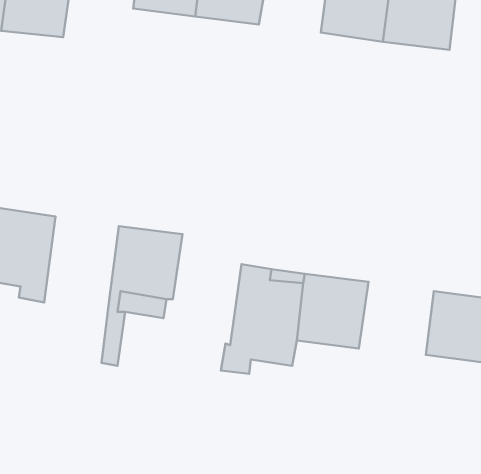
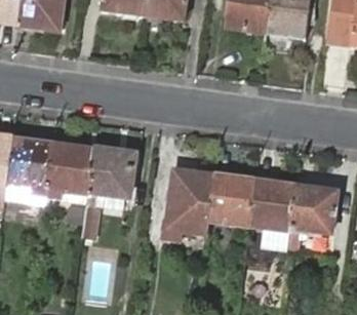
building: none -> [46,143,94,199]
building: none -> [249,185,298,234]

